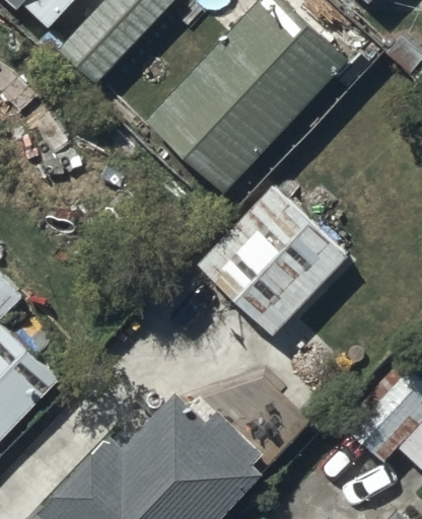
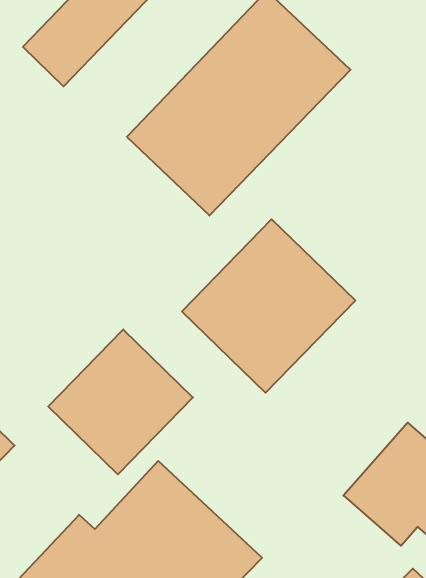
building: none -> [48,329,193,474]

